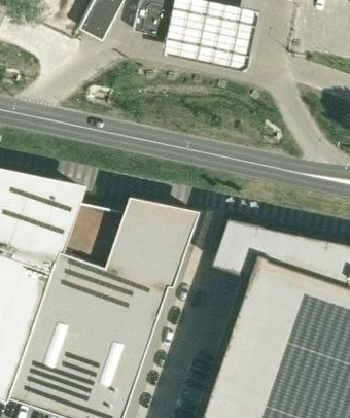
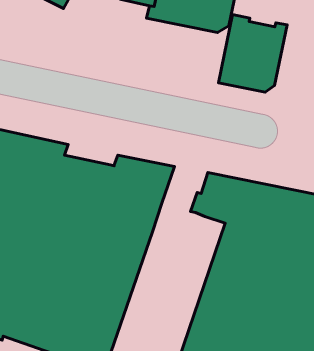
building: none -> [219,14,287,92]

